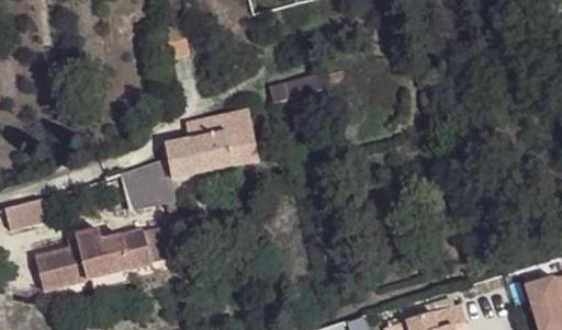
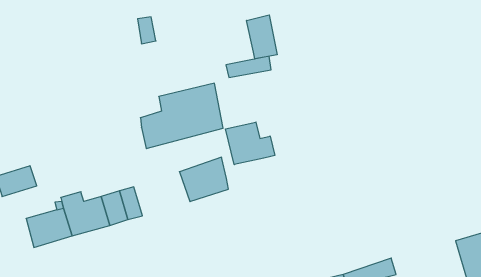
building: none -> [247,15,277,59]
building: none -> [226,122,275,165]
building: [120,155,176,205] -> [179,157,228,202]

